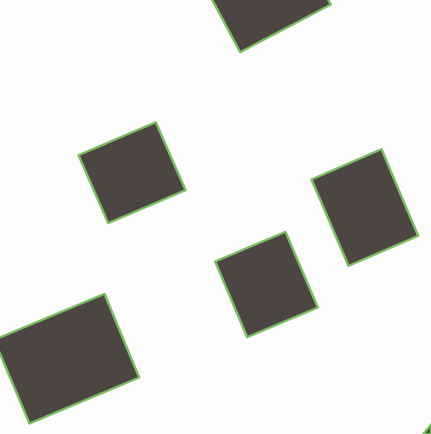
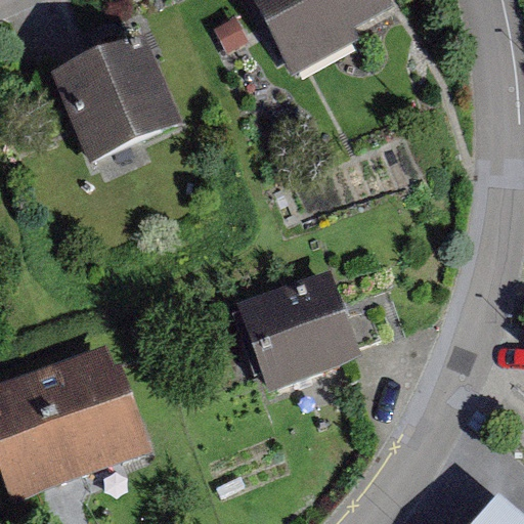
building: [78,122,186,223] -> [44,33,170,151]
building: [312,149,418,266] -> none

